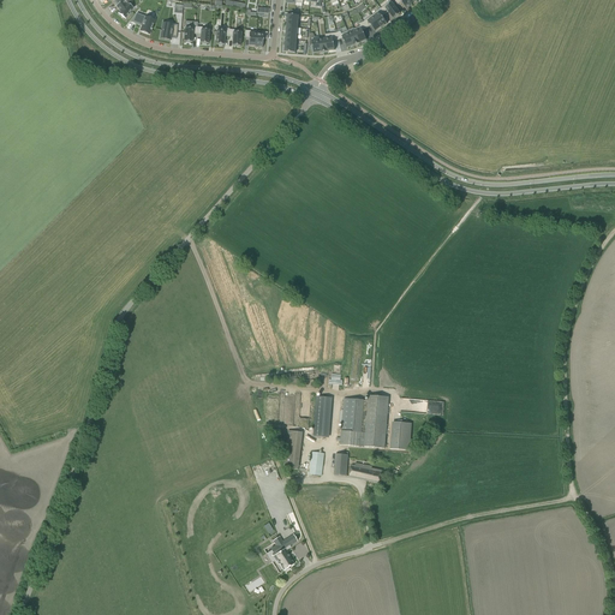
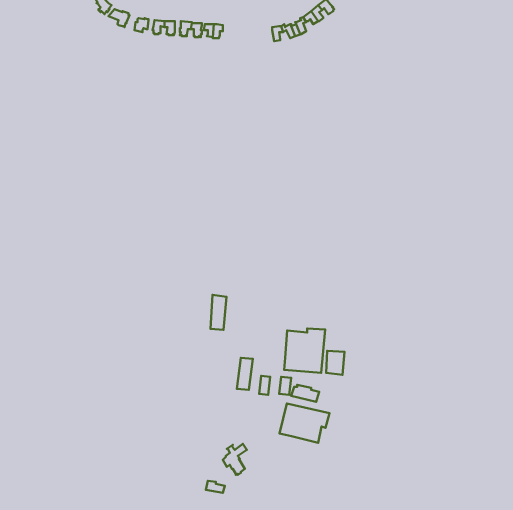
building: [314,394,333,436] -> [210,295,226,330]
building: none -> [280,403,329,443]

